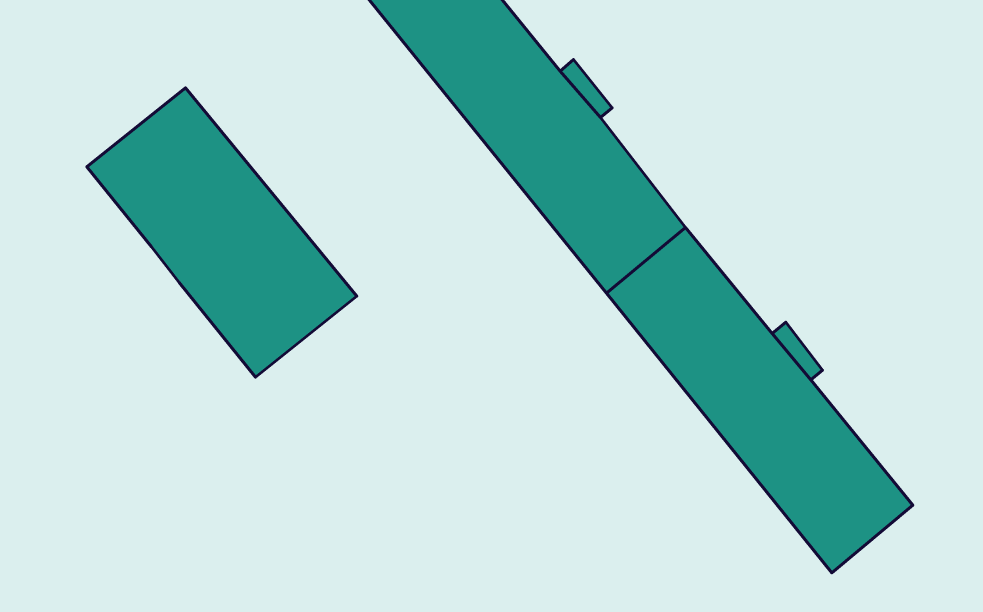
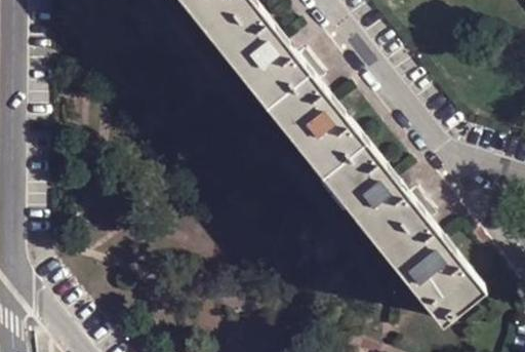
building: [87,88,357,377] -> none

